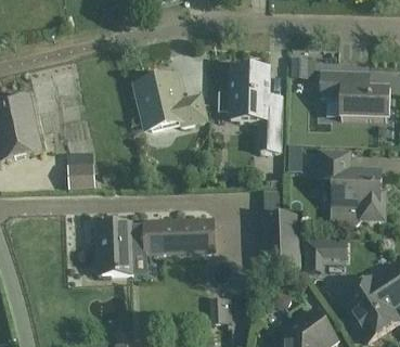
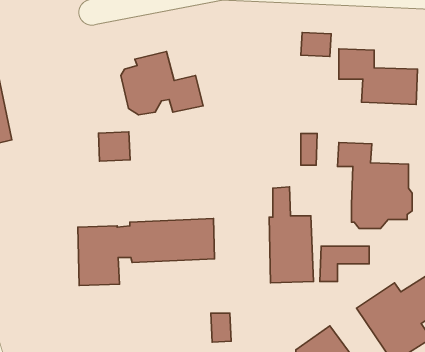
building: [218,67,281,151] -> none
building: [67,163,94,188] -> [98,132,130,161]

